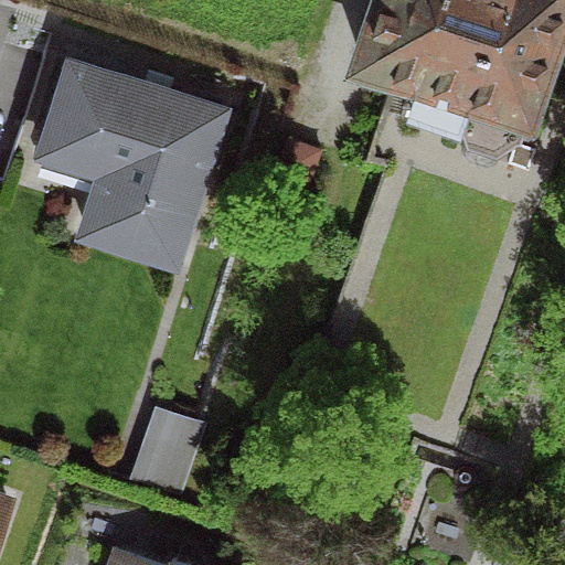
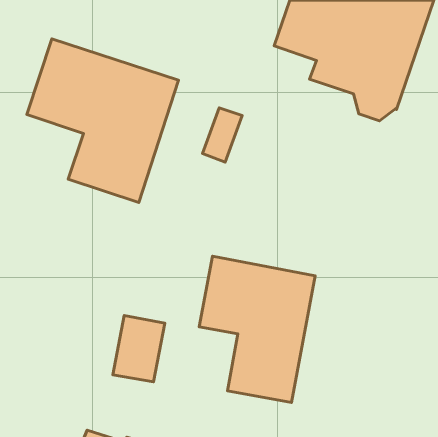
building: none -> [199,256,315,403]

